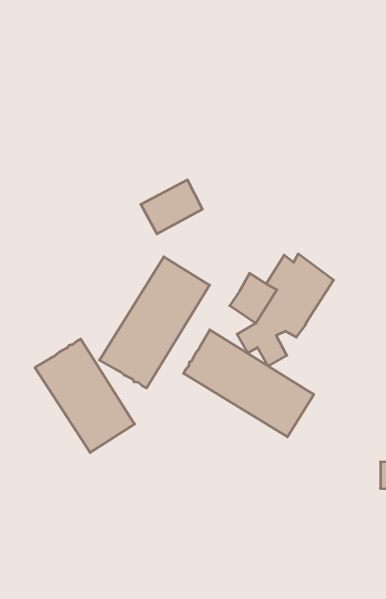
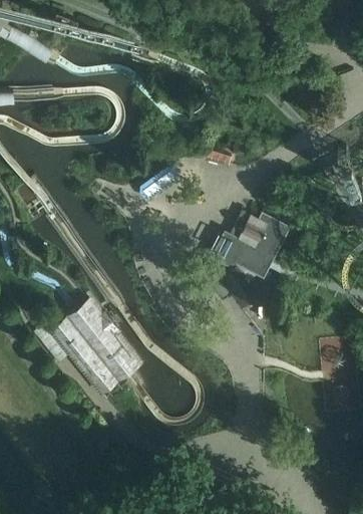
building: [99,257,210,388] -> none
building: [184,330,314,437] -> none

